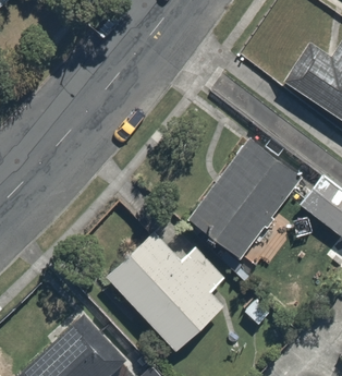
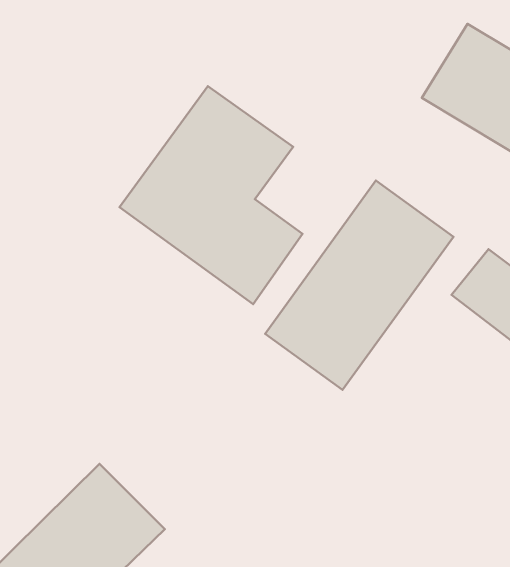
building: none -> [119,86,303,304]
building: [107,231,228,349] -> none

